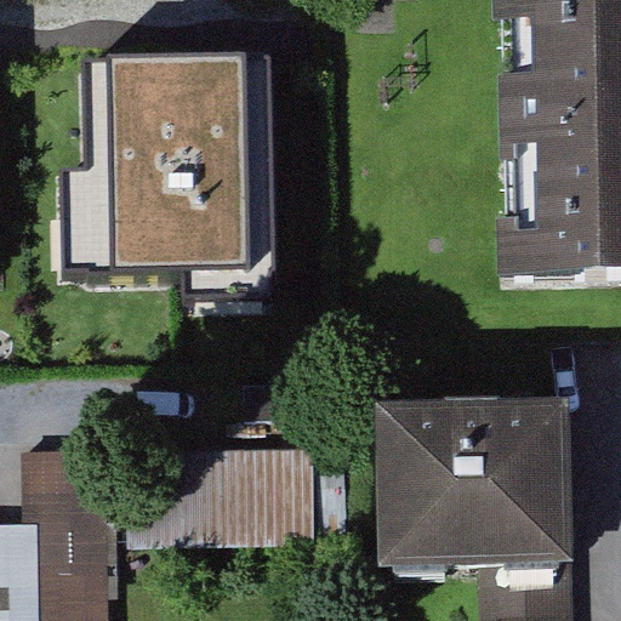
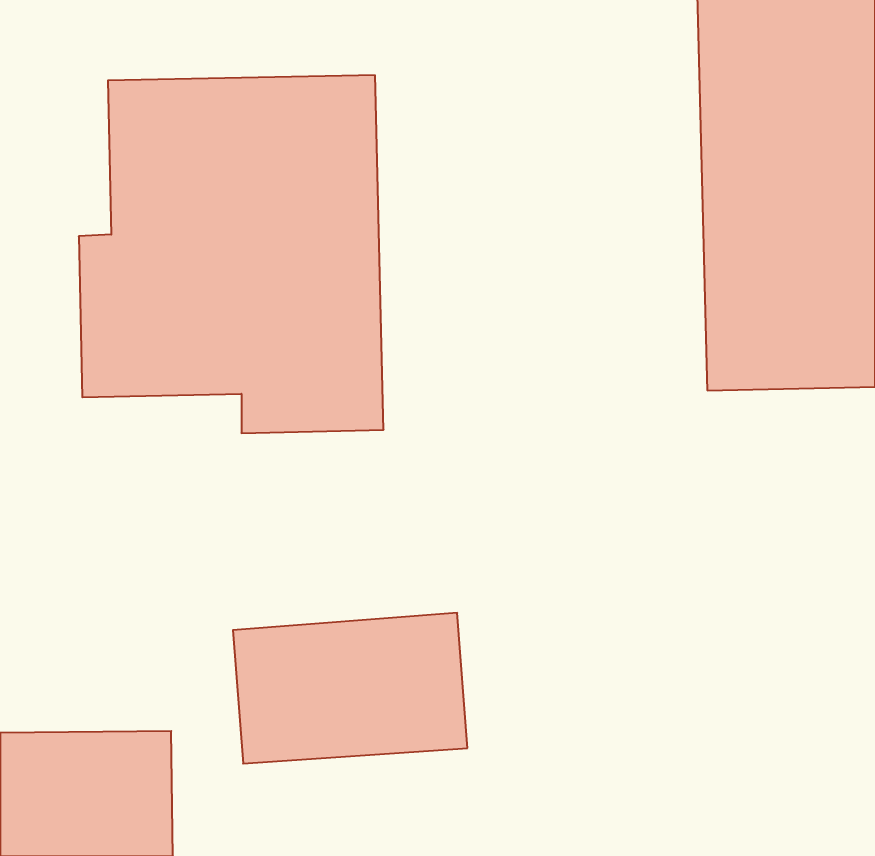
building: [386,401,585,569] -> none

